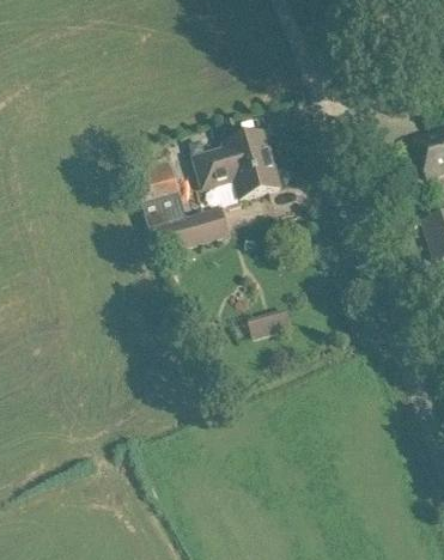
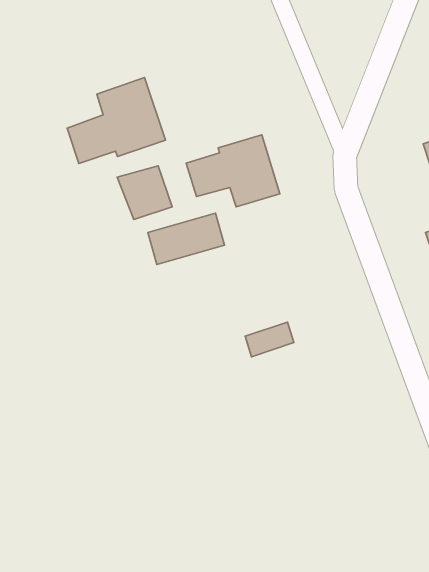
building: none -> [67,78,165,163]

